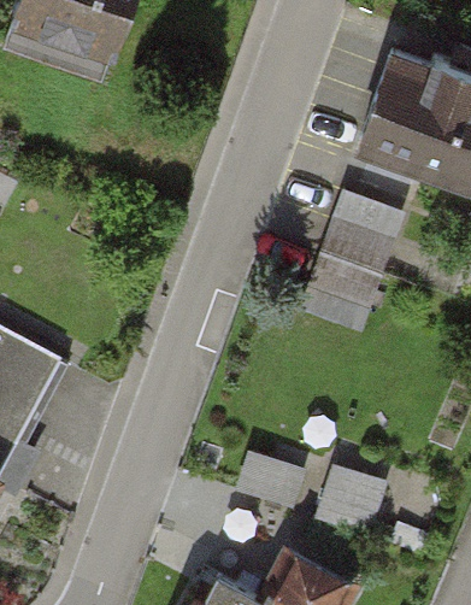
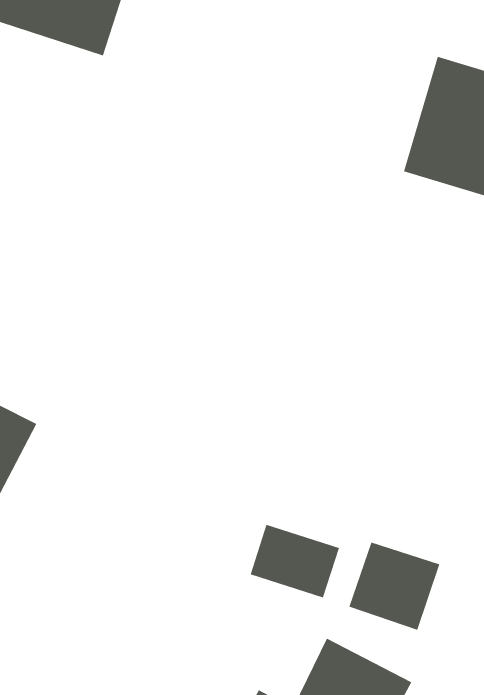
building: [308,186,406,307] -> none

